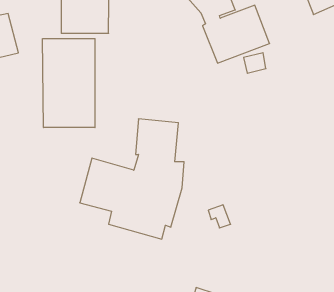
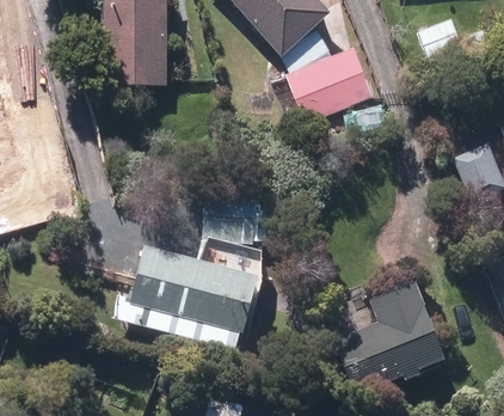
building: [43,39,95,128] -> none
building: none -> [326,281,443,392]

